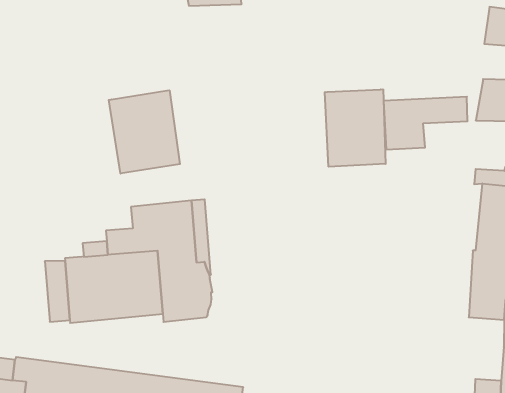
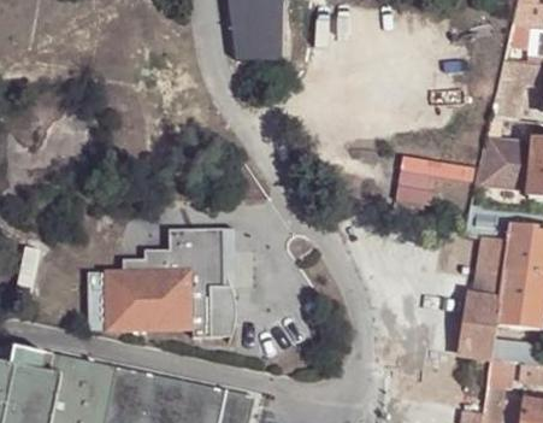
building: [325,89,386,167] -> none
building: [109,90,180,174] -> none

